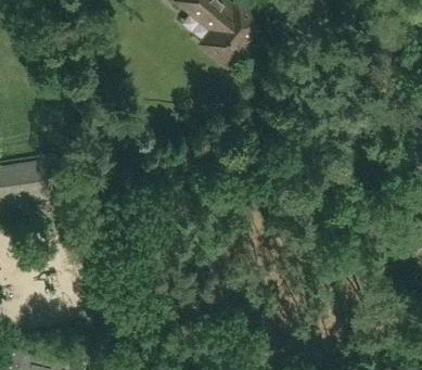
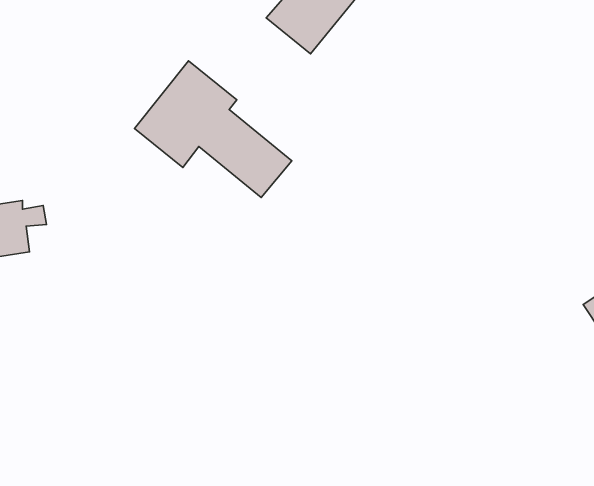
building: none -> [134,61,292,198]

